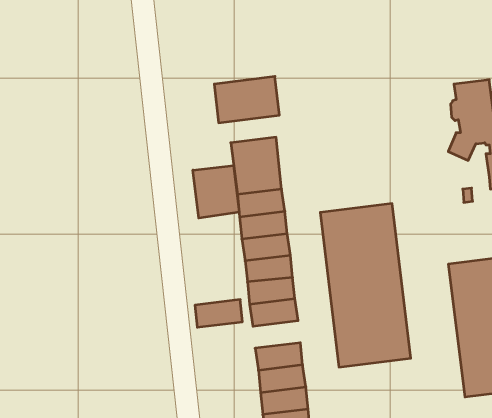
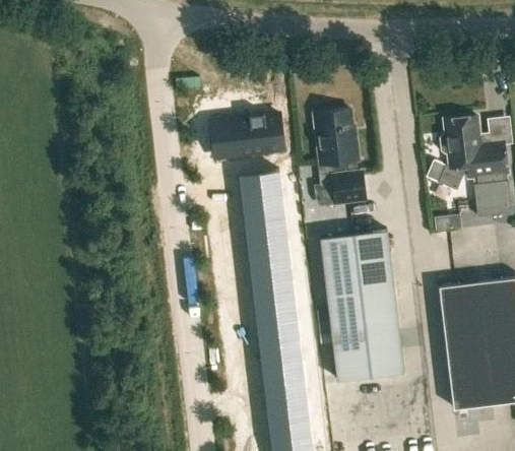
building: none -> [314,112,365,206]
building: [193,166,239,218] -> none
building: [195,300,242,327] -> [259,339,303,365]

